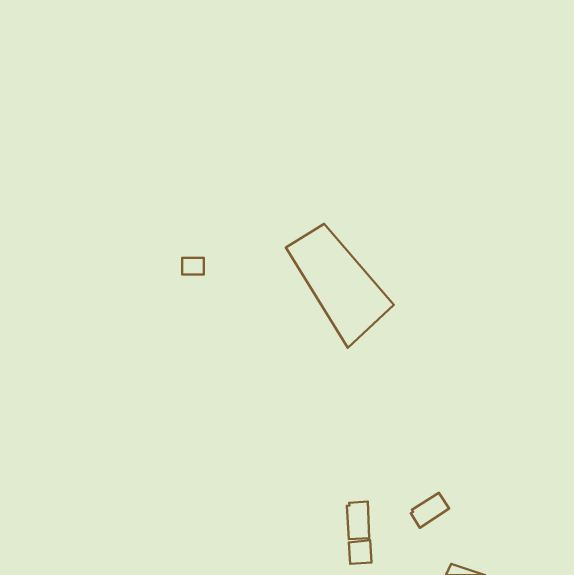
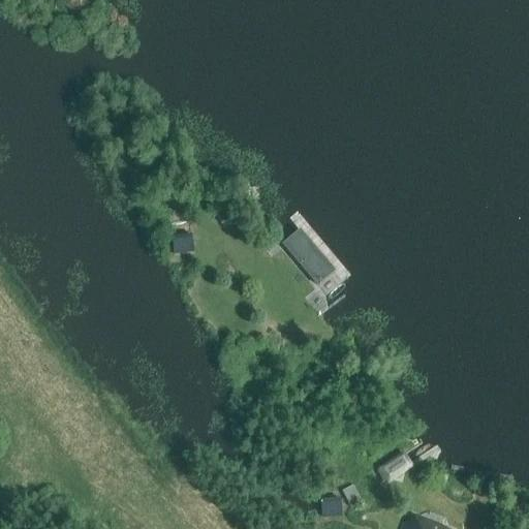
building: [347,502,369,539] -> none

